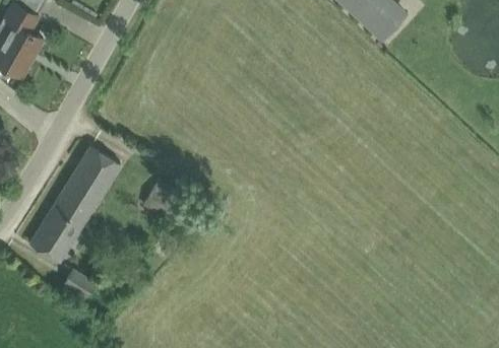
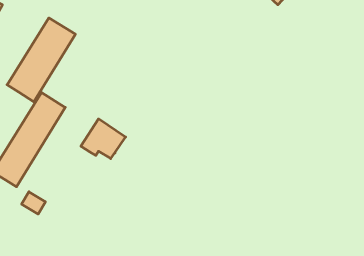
building: none -> [7,18,75,102]

